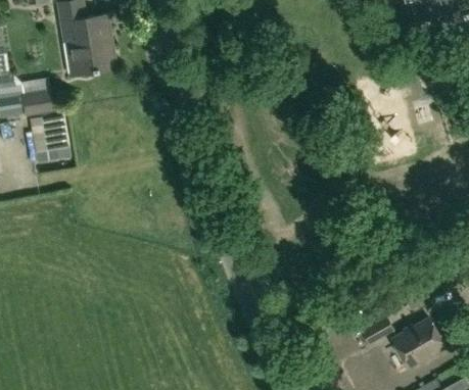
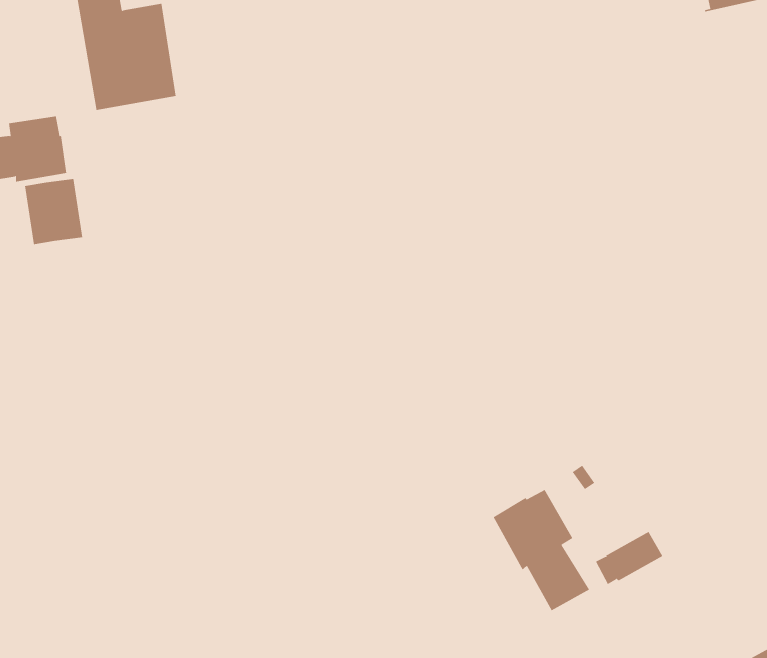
building: none -> [493,489,590,611]
building: [391,319,444,367] -> none

